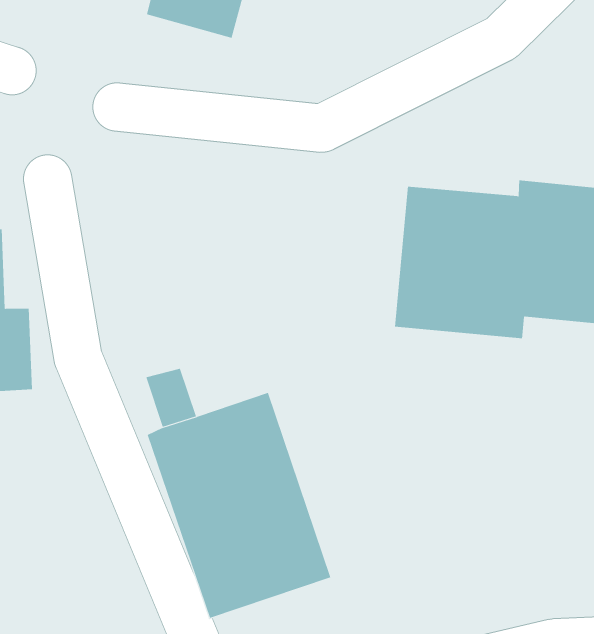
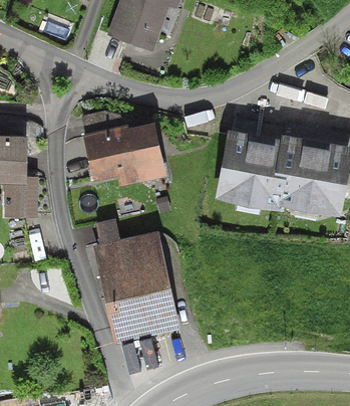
building: none -> [81,110,173,184]

